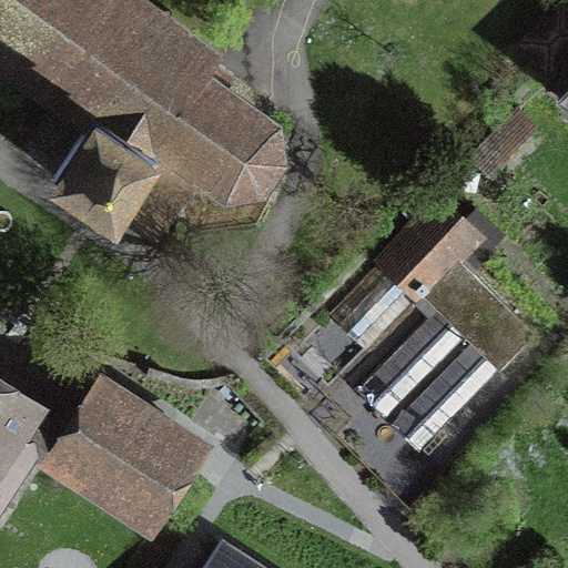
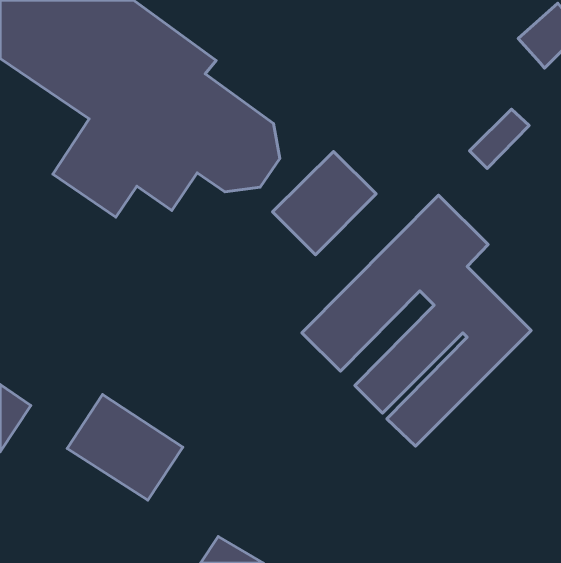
building: none -> [272,152,376,255]

